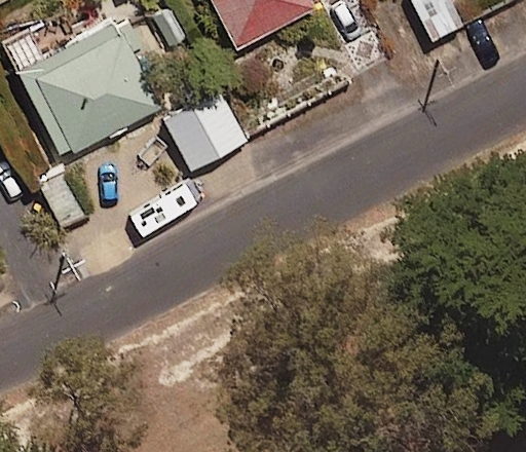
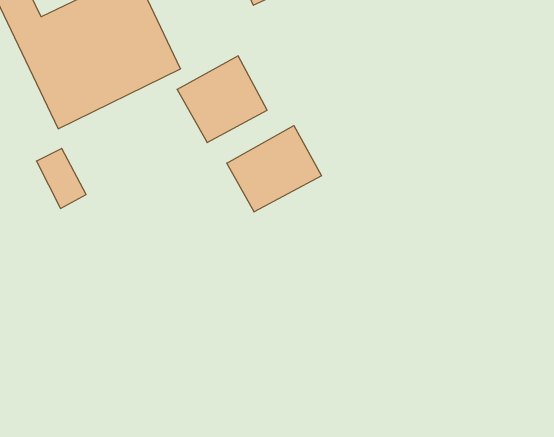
building: none -> [227,126,321,212]

